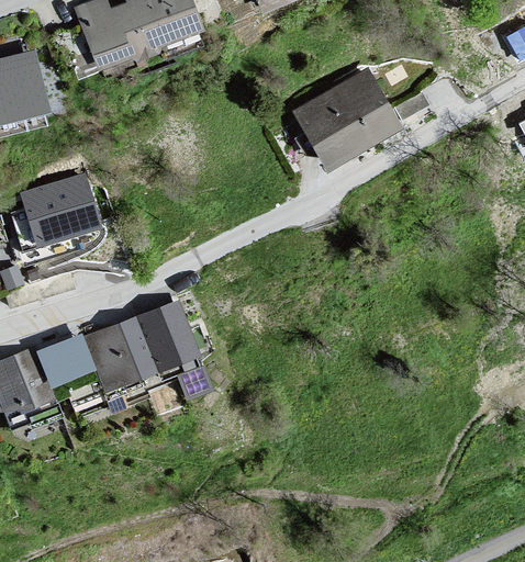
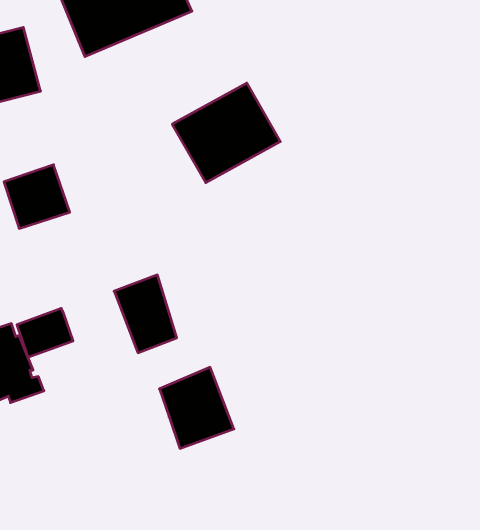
building: [294,69,404,170] -> [172,83,280,183]
building: [80,314,156,396] -> [159,367,234,448]

